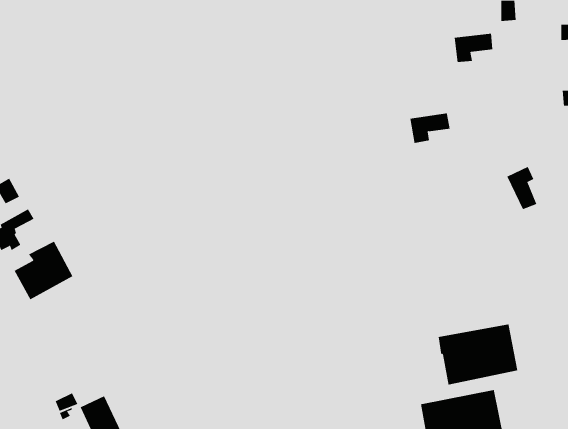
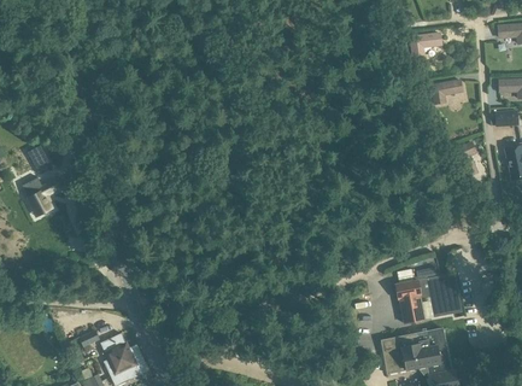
building: [409,113,450,143] -> [428,80,462,105]
building: [14,241,73,300] -> none

